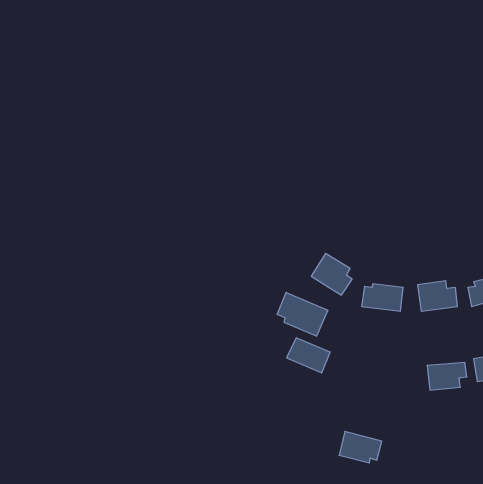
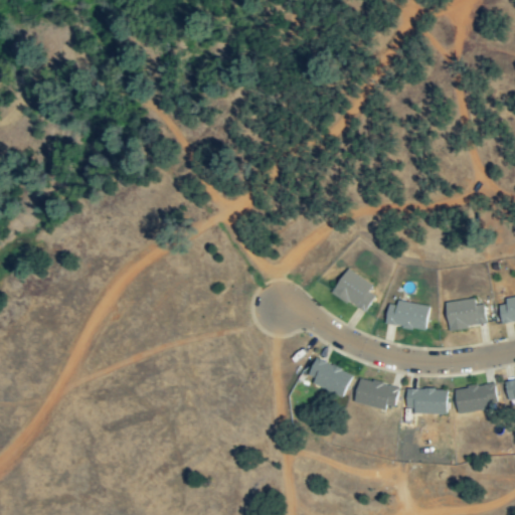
building: [277,292,328,336] -> none
building: none -> [406,388,448,414]
building: [339,432,382,463] -> [354,377,399,410]

